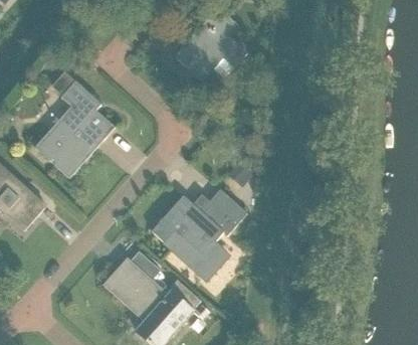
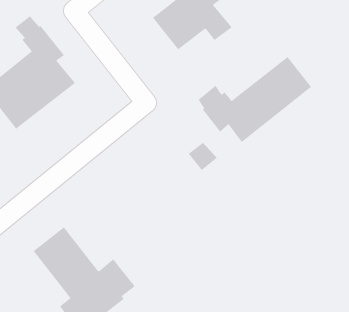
building: none -> [198,56,312,143]
building: [151,194,247,281] -> none

